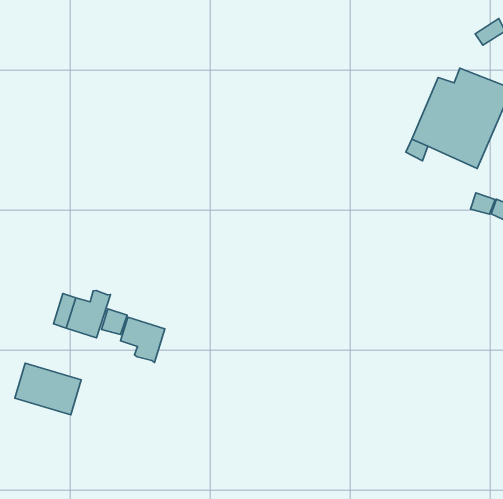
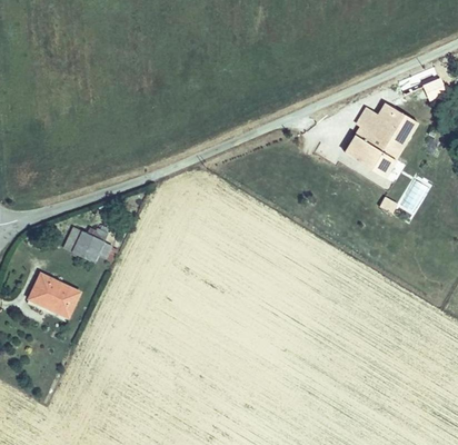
building: [120,317,165,363] -> none

